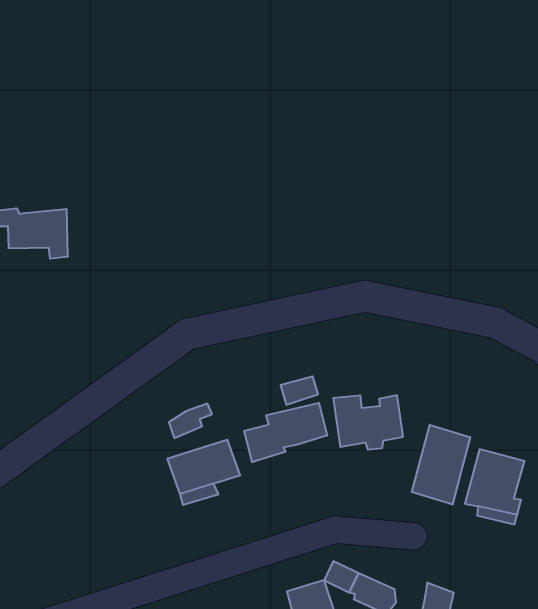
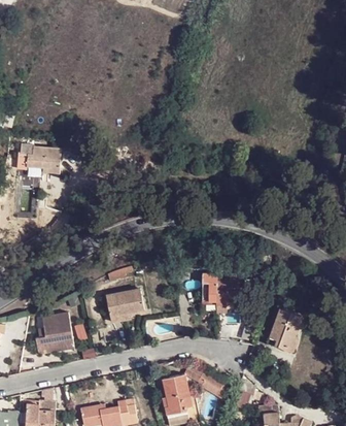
building: [244,403,327,462] -> none
building: [412,425,470,505] -> none
building: none -> [35,308,73,351]

